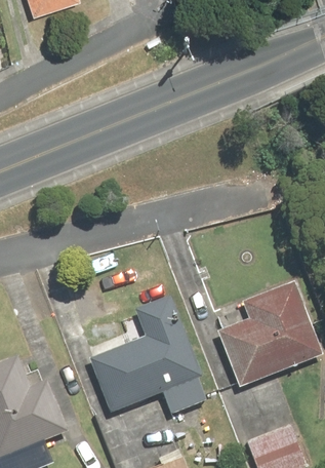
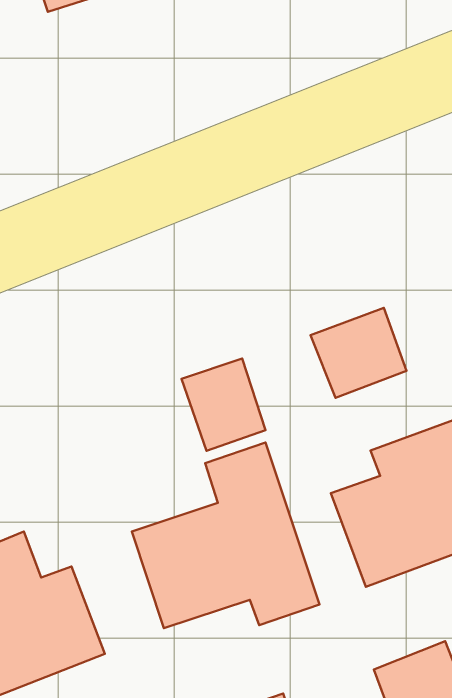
building: none -> [311,308,406,398]
building: none -> [181,358,265,451]

